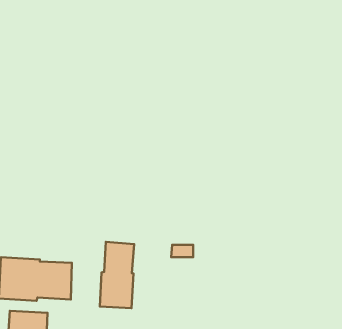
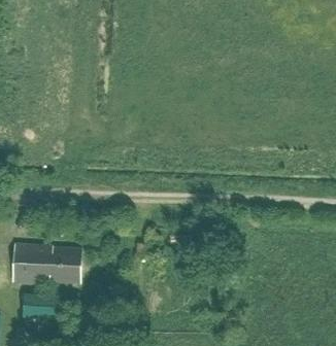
building: [100,242,134,308] -> none

